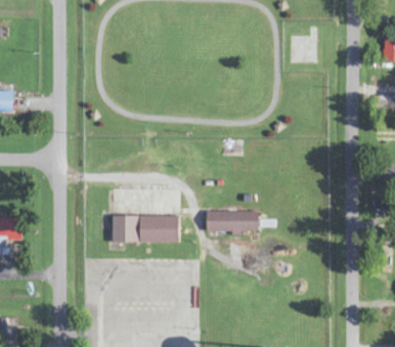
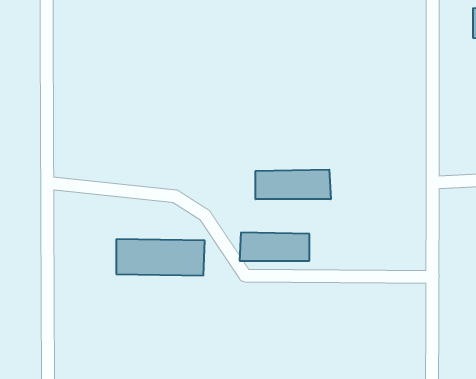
building: none -> [256,170,331,199]

